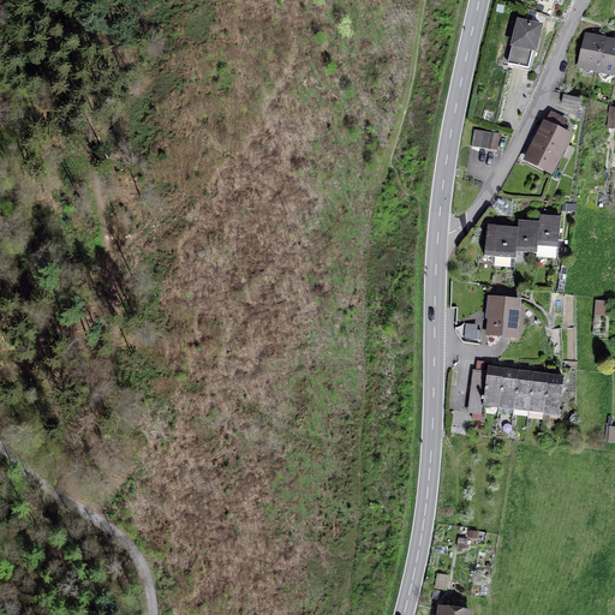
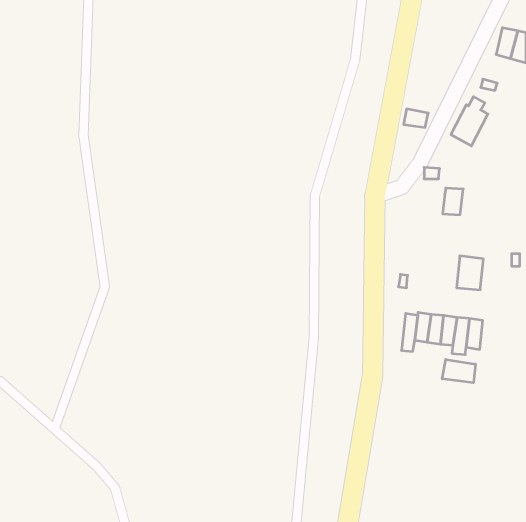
building: [508,20,542,66] -> none
building: [537,215,561,256] -> none
building: [484,225,519,257] -> none
building: [488,294,519,334] -> [457,256,483,290]
building: none -> [442,359,475,383]

